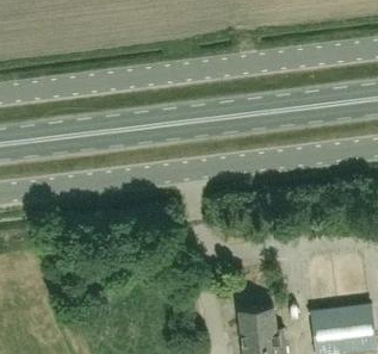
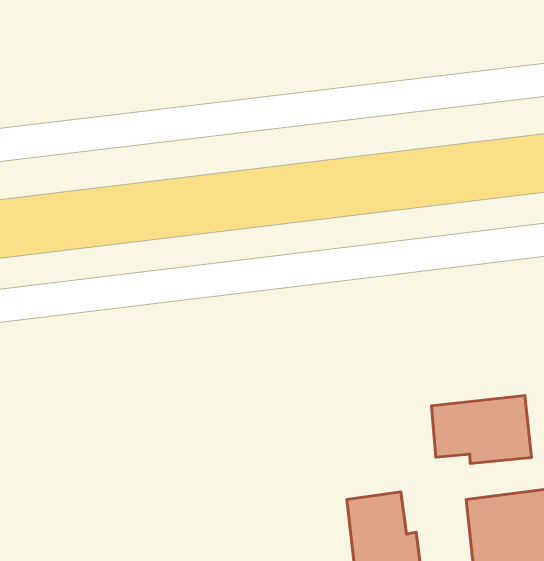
building: none -> [431,396,532,463]

